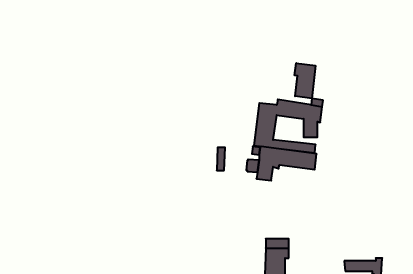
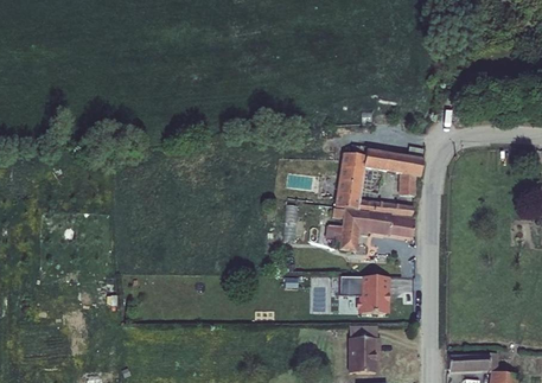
building: [295,63,315,98] -> none
building: none -> [340,276,390,314]

